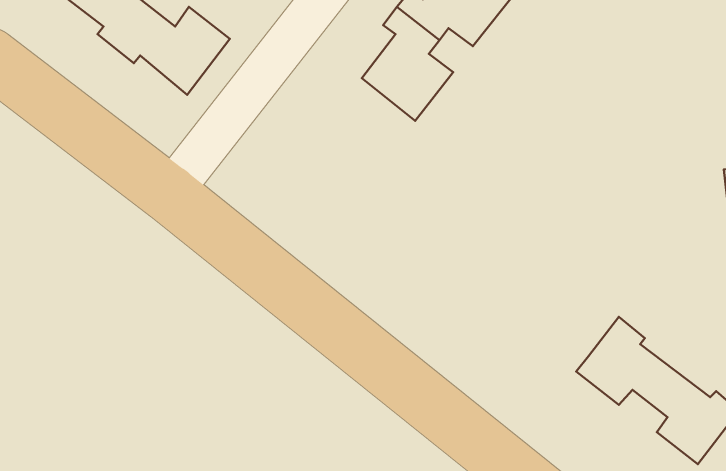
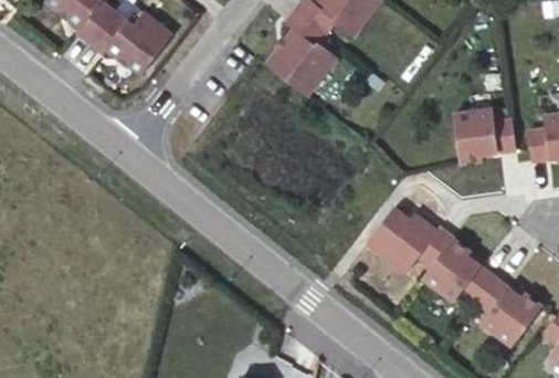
building: none -> [453,108,514,162]
building: none -> [366,207,452,273]

